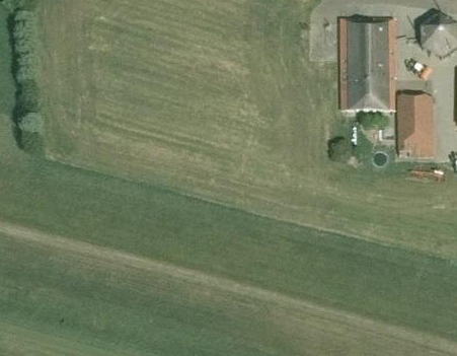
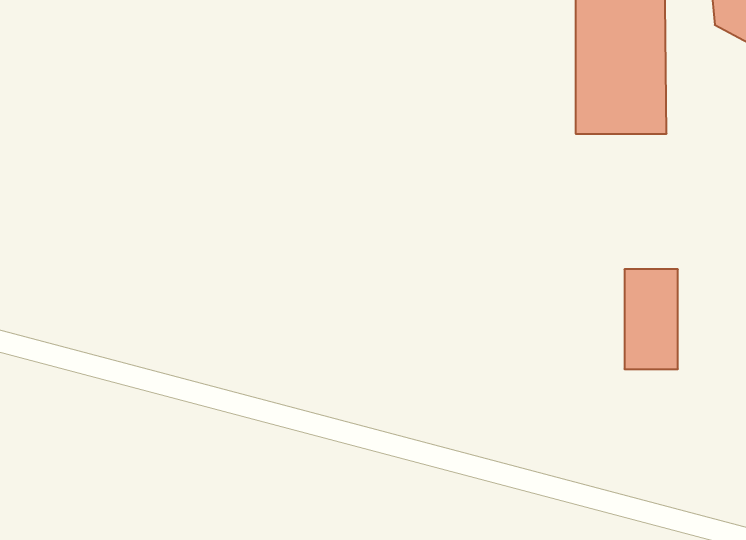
building: [401,97,432,154] -> [624,269,678,369]

